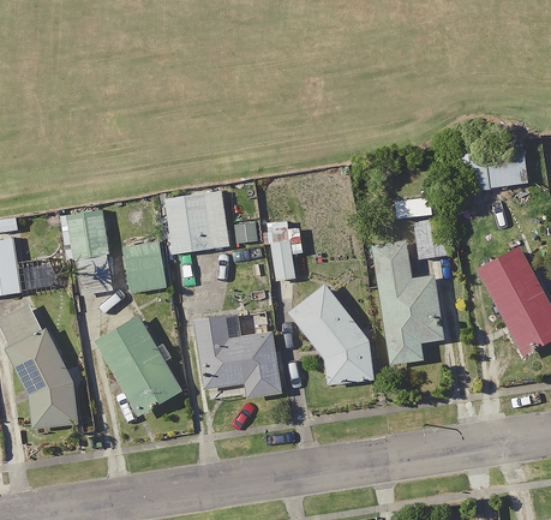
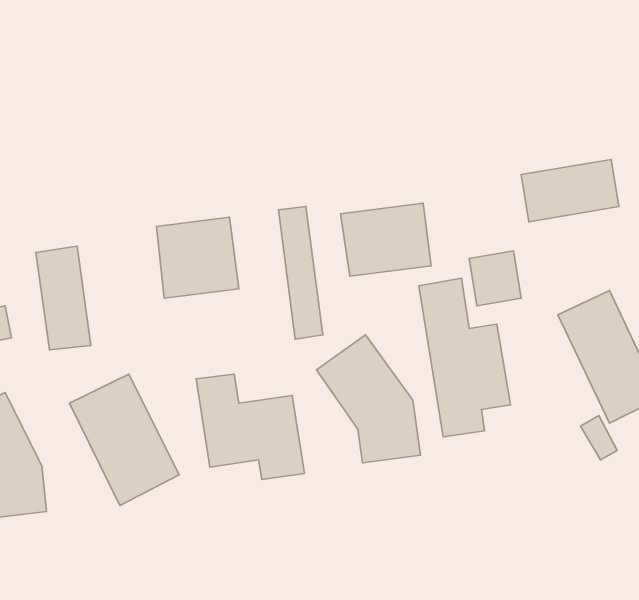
building: none -> [340,203,431,276]
building: [122,240,166,293] -> none

